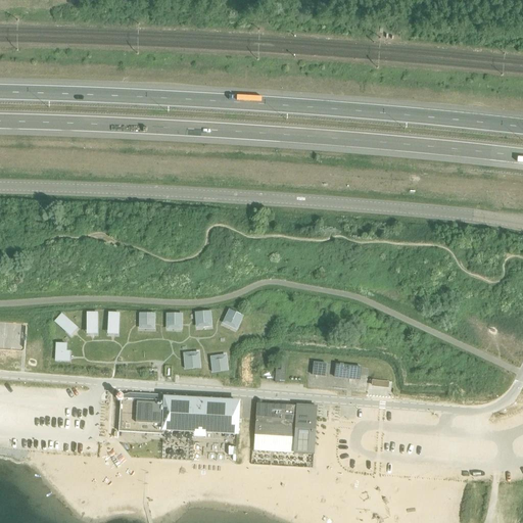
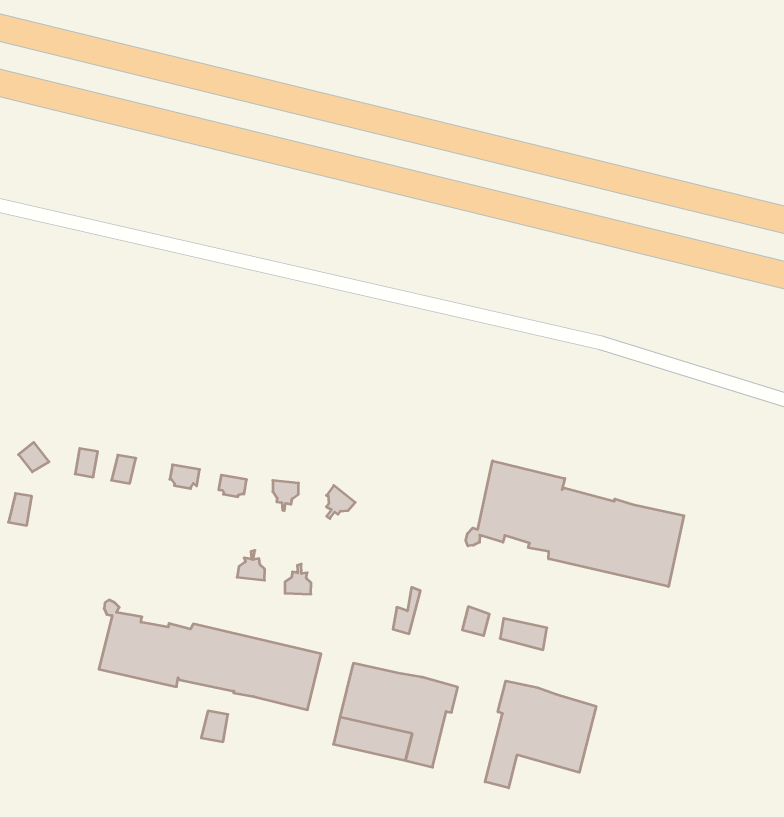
building: none -> [466,461,684,587]
building: none -> [485,681,596,788]

